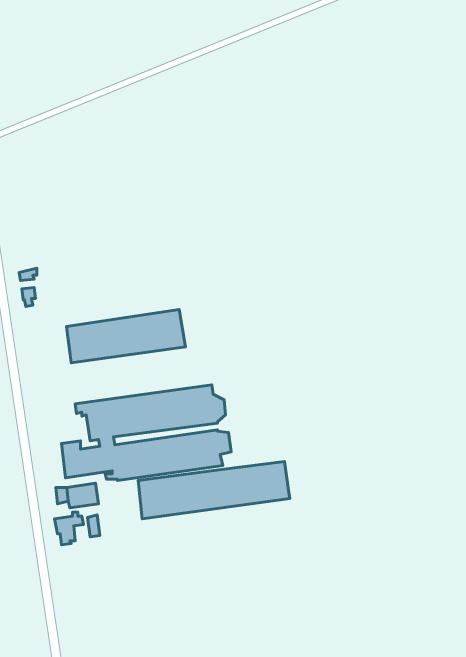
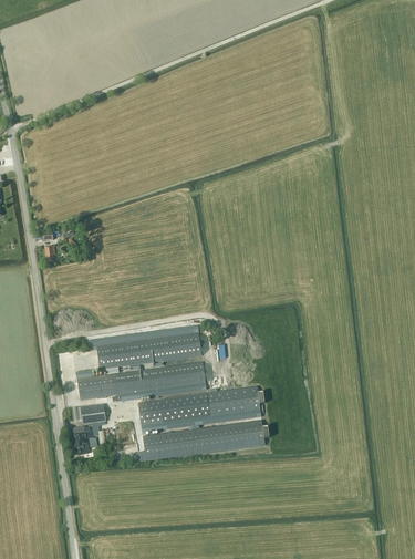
building: [66,309,185,363] -> none
building: none -> [143,420,266,462]

